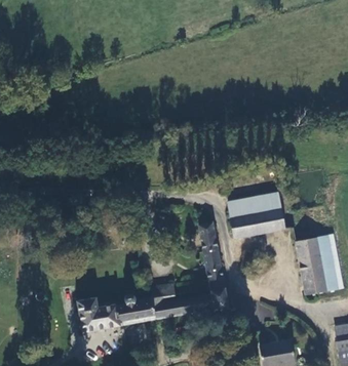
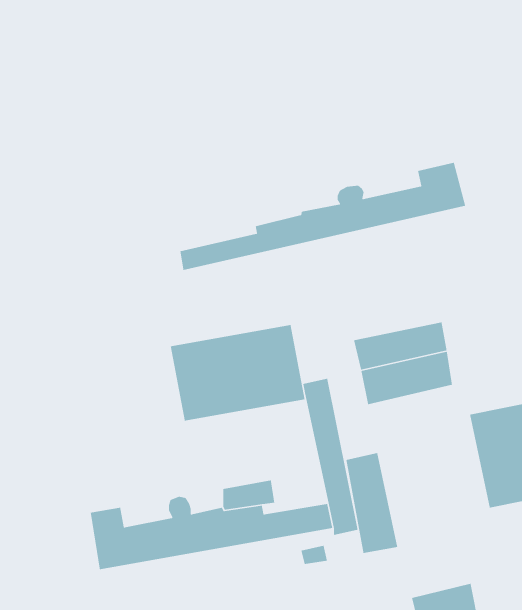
building: none -> [179,162,466,271]
building: none -> [170,324,305,422]
building: none -> [345,452,398,554]

